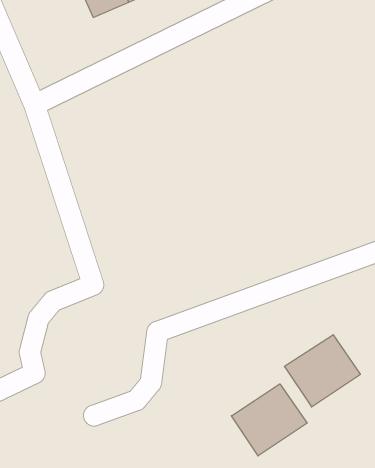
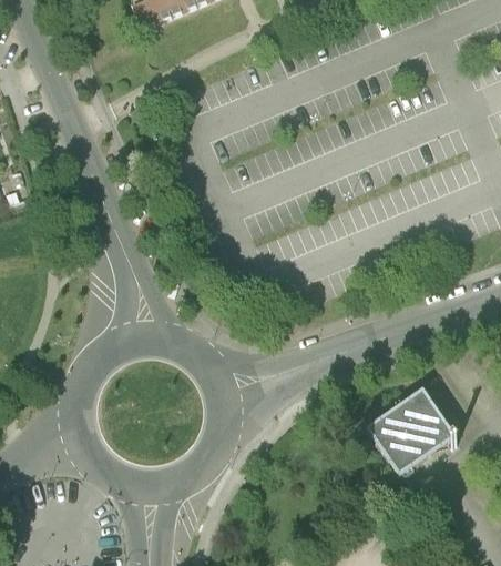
building: [231,384,307,456] -> none

